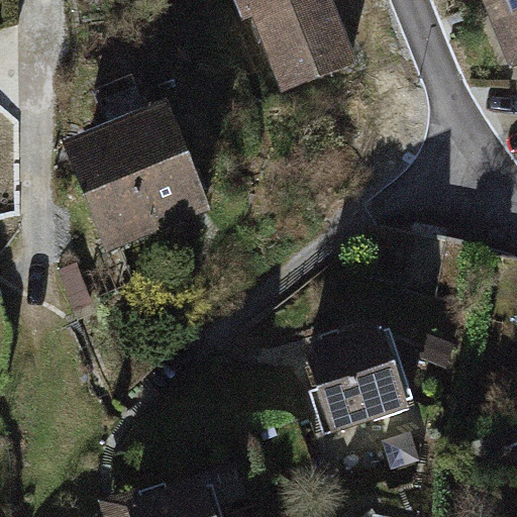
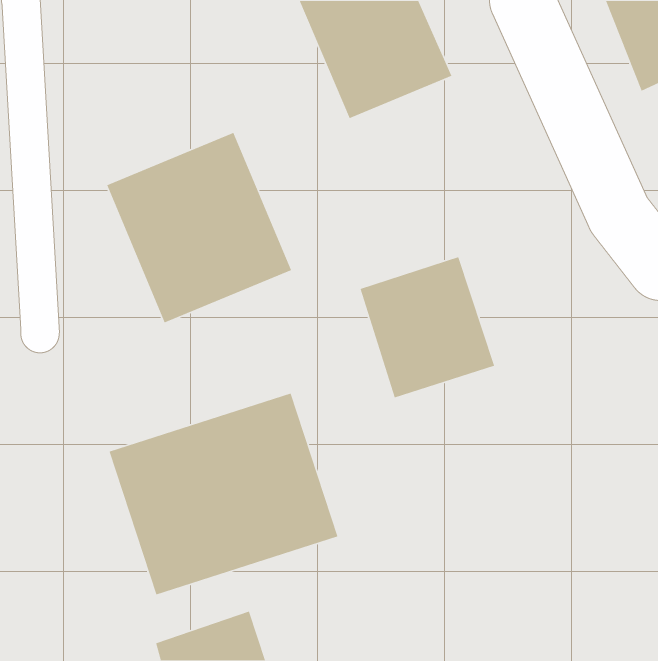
building: none -> [108,392,338,595]
building: [297,320,403,431] -> [359,256,495,398]

